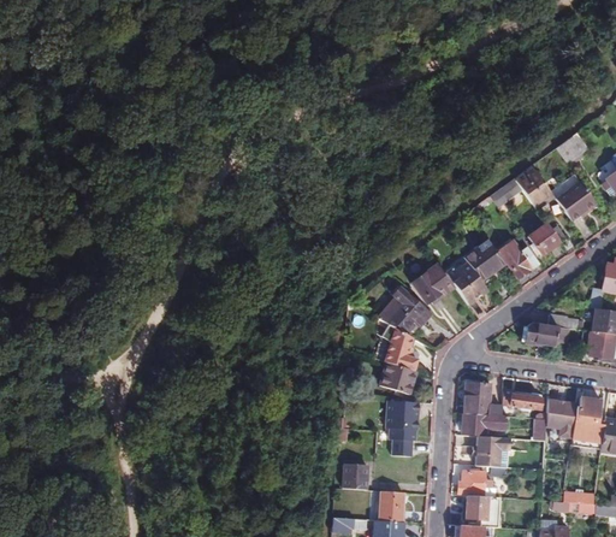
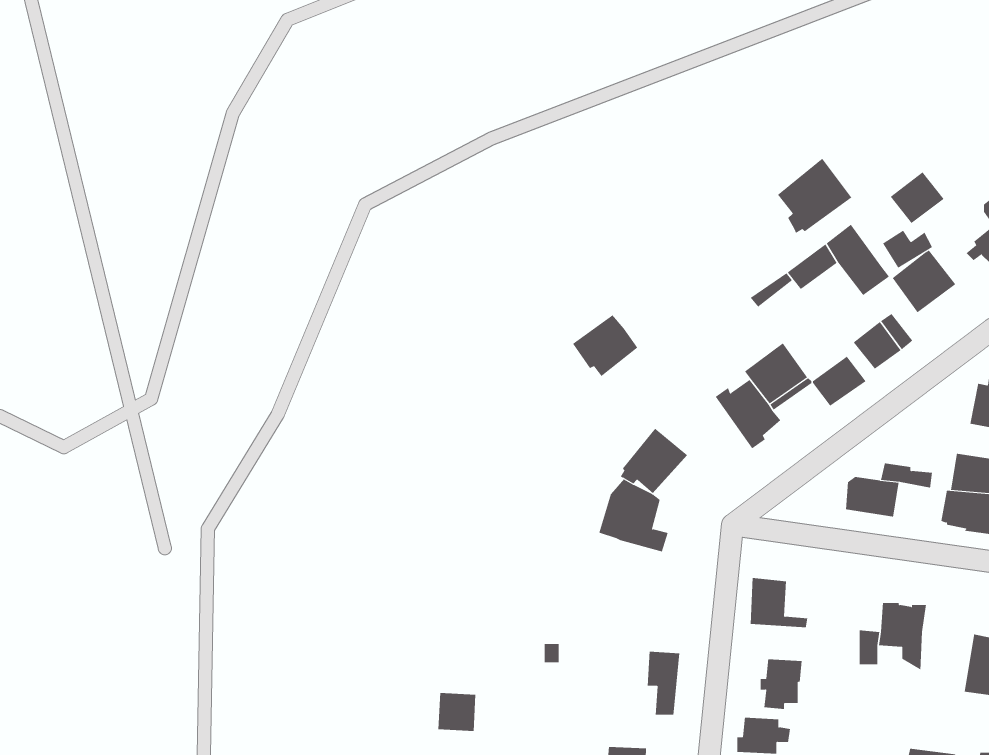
building: none -> [777,158,852,234]
building: [413,264,454,302] -> [572,315,638,377]
building: [380,361,415,393] -> none
building: [503,388,541,409] -> none
building: [573,397,603,444] -> none
building: [391,400,424,429] -> none
building: [464,413,505,432] -> none
building: [340,464,365,488] -> [437,692,476,731]

